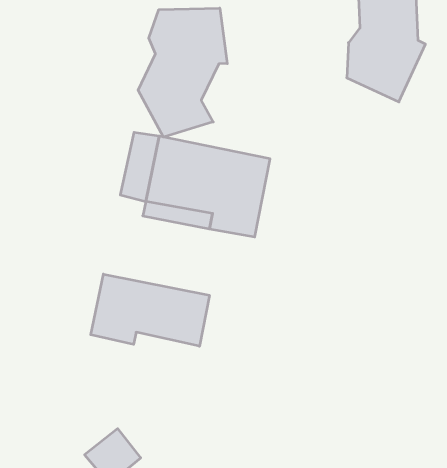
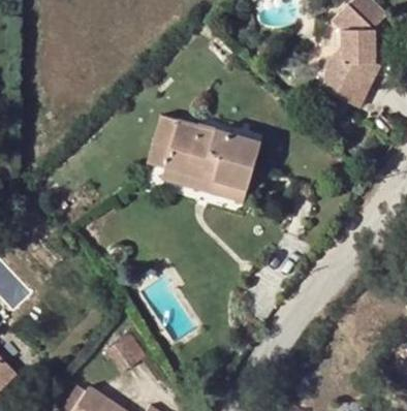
building: [138,8,227,137] -> none
building: [91,274,209,346] -> none

